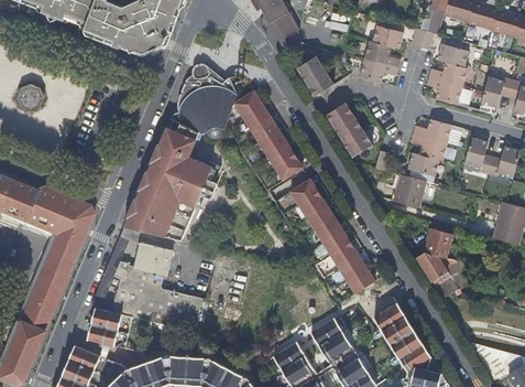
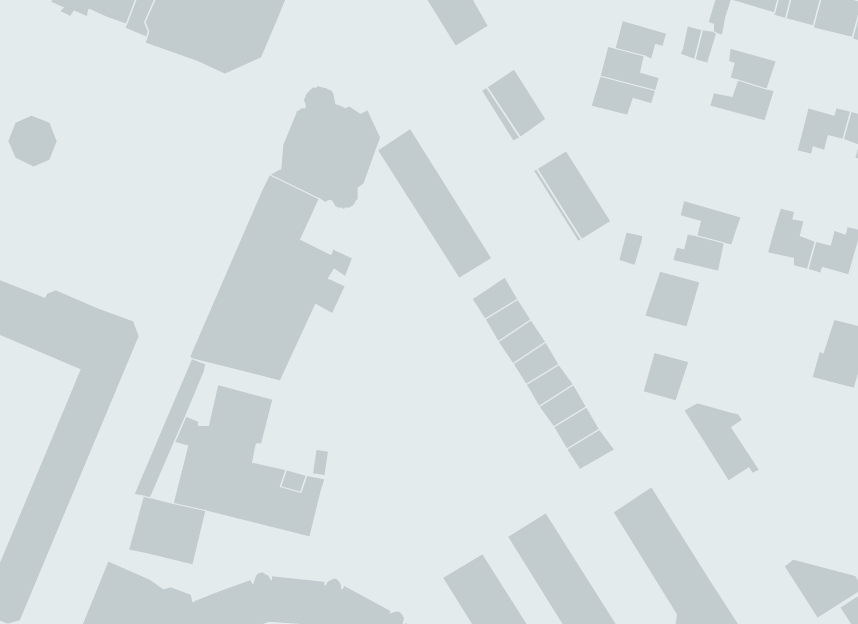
building: [428,76,463,103] -> none
building: [415,118,453,142] -> none
building: [424,229,451,258] -> [643,353,689,401]

